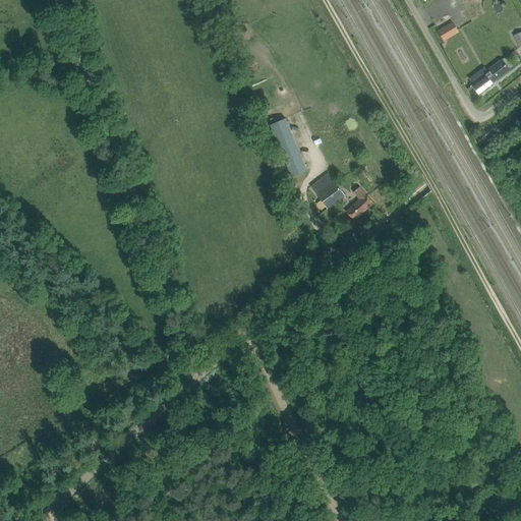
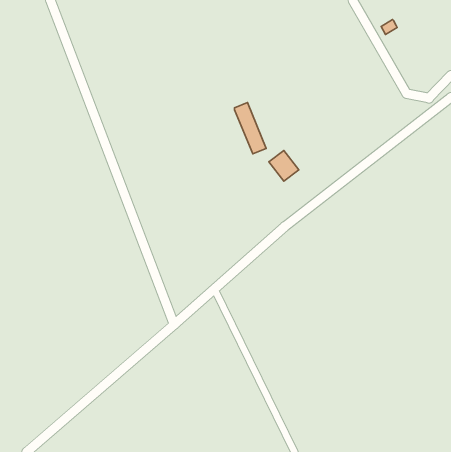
building: [468,60,509,95] -> none
building: [345,186,372,221] -> none

